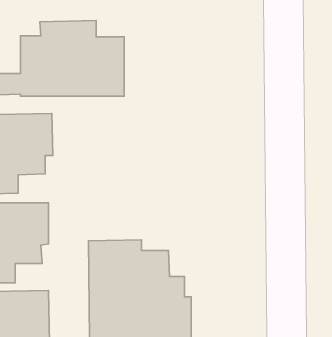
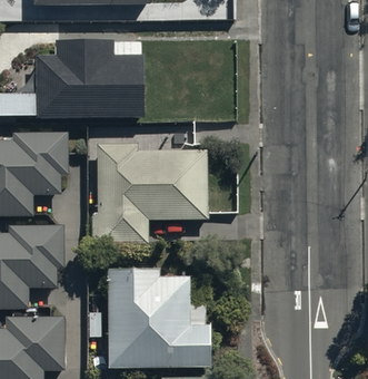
building: none -> [92,144,207,243]

